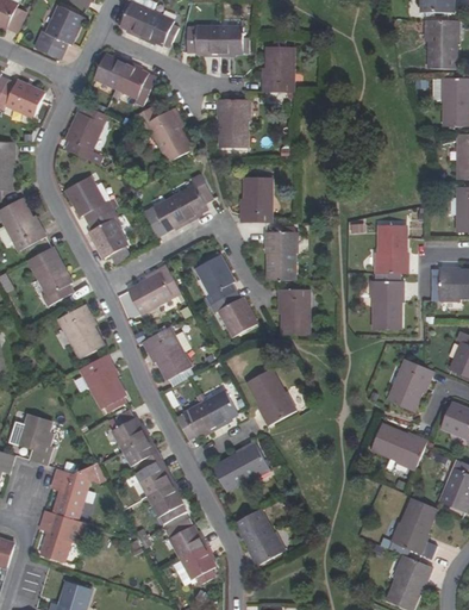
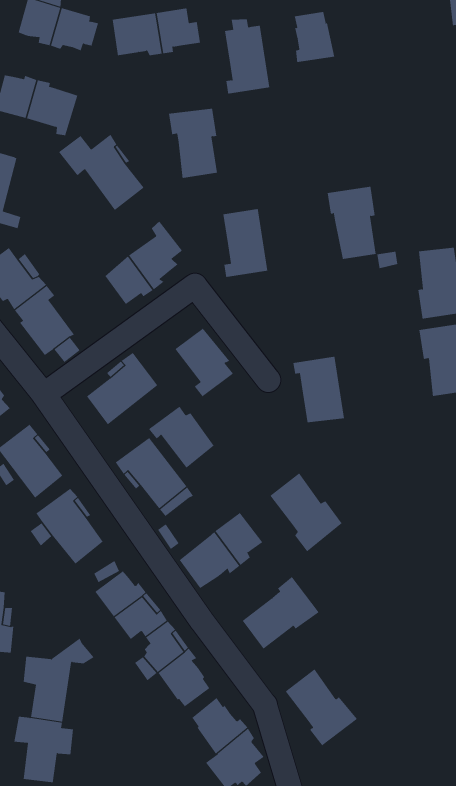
building: none -> [294,11,335,63]
building: [264,231,296,280] -> [327,186,377,259]
building: [210,291,255,336] -> [148,406,215,469]

